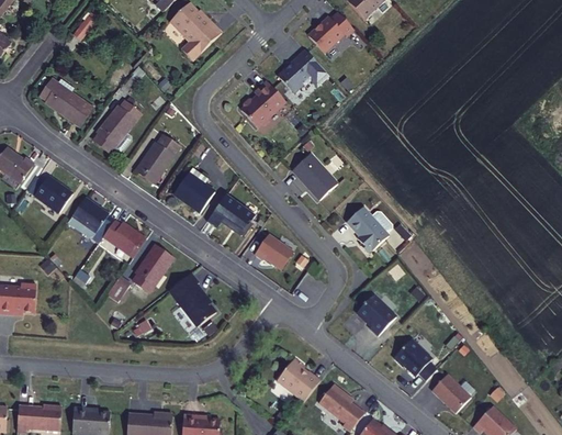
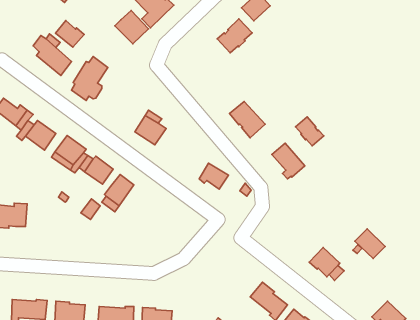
building: none -> [115,11,148,44]
building: none -> [56,20,84,47]
building: [240,80,285,127] -> none
building: [134,134,179,182] -> none
building: none -> [295,117,324,146]
building: [205,191,250,233] -> none
building: [168,270,215,324] -> none
building: [356,294,395,335] -> none
building: [277,356,319,401] -> none
building: [431,375,470,412] -> [355,229,385,259]

